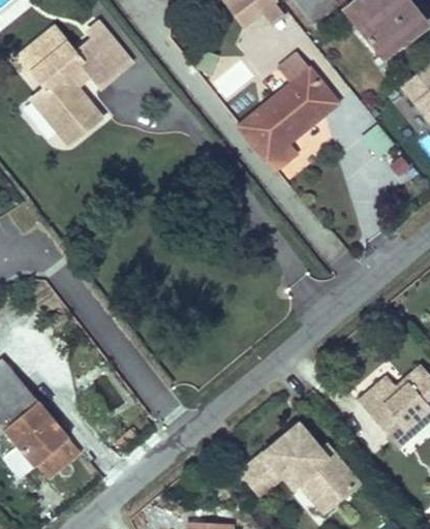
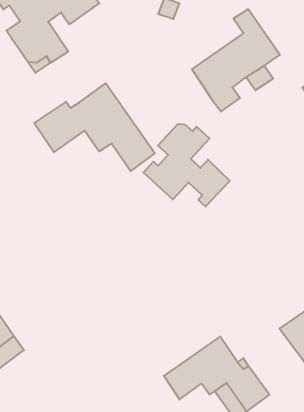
building: none -> [34,83,155,171]
building: none -> [143,124,230,207]

